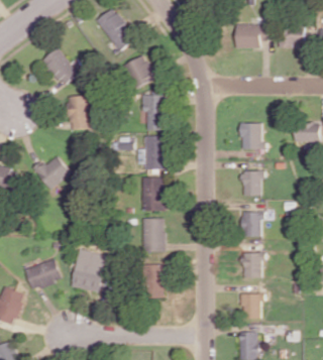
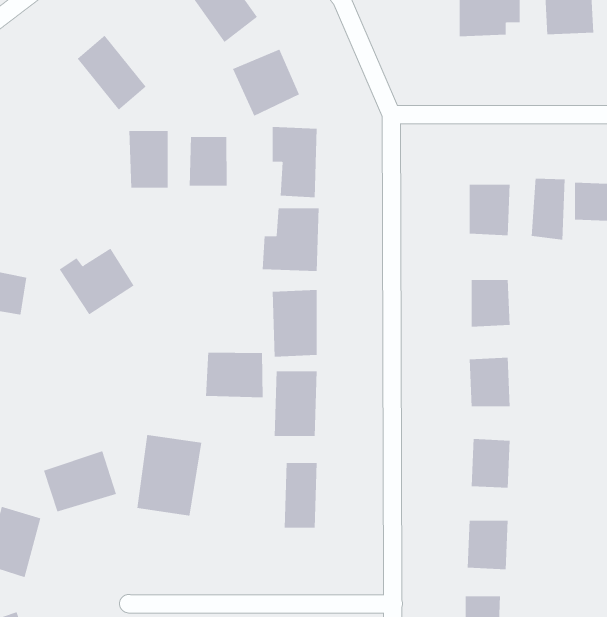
building: none -> [189,136,227,187]
building: none -> [531,178,565,240]
building: none -> [206,352,263,398]

